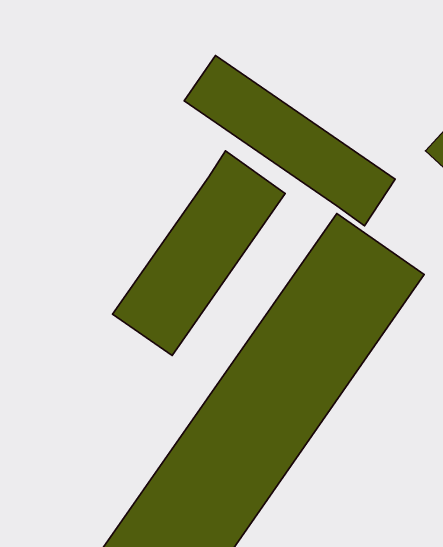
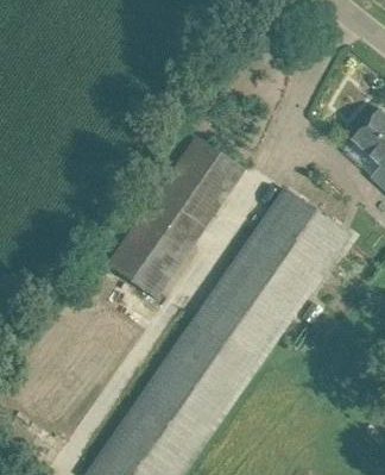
building: [184,56,395,226] -> none

